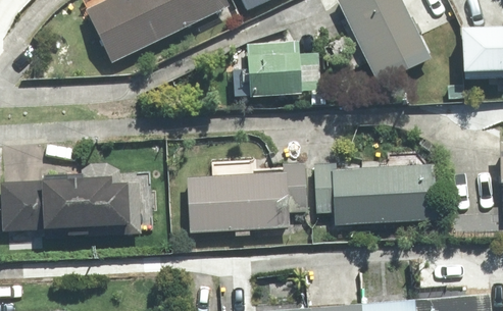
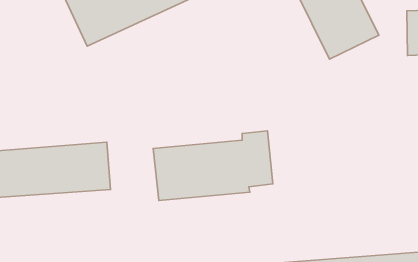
building: [231,42,322,97] -> none
building: [312,163,440,223] -> none

